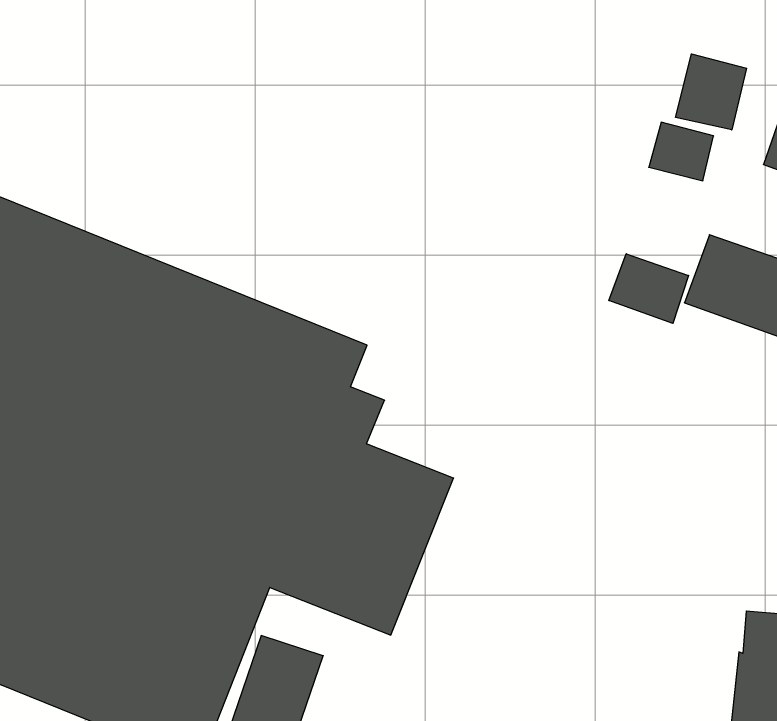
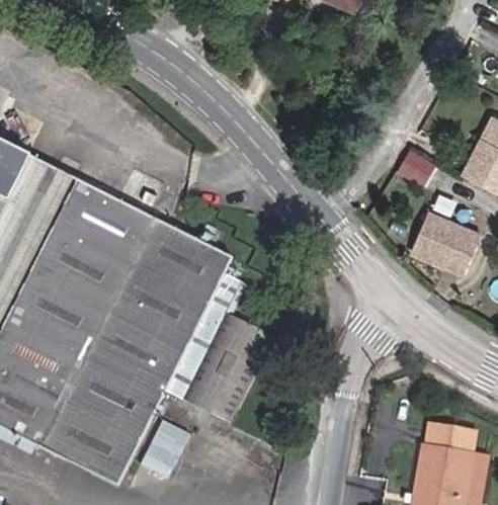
building: [676,54,746,130] -> none
building: [609,254,689,323] -> none

